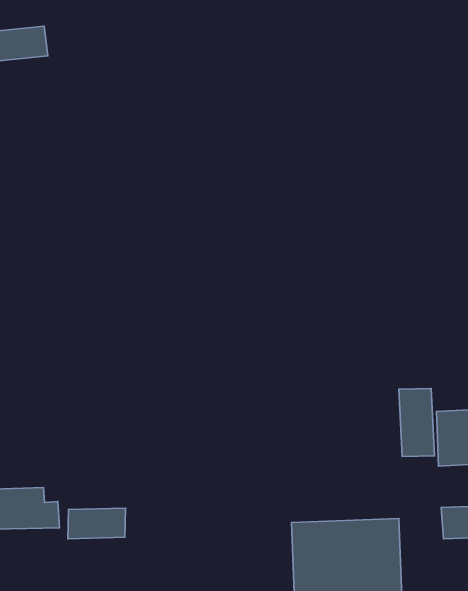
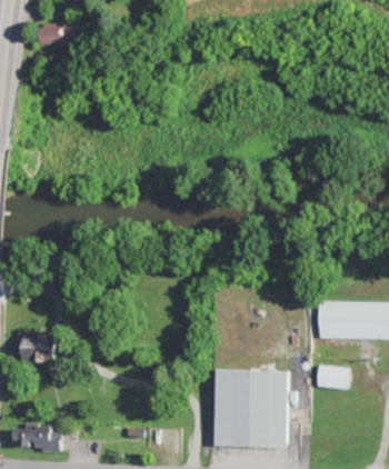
building: [399,388,435,457] -> none
building: [68,508,126,539] -> none

